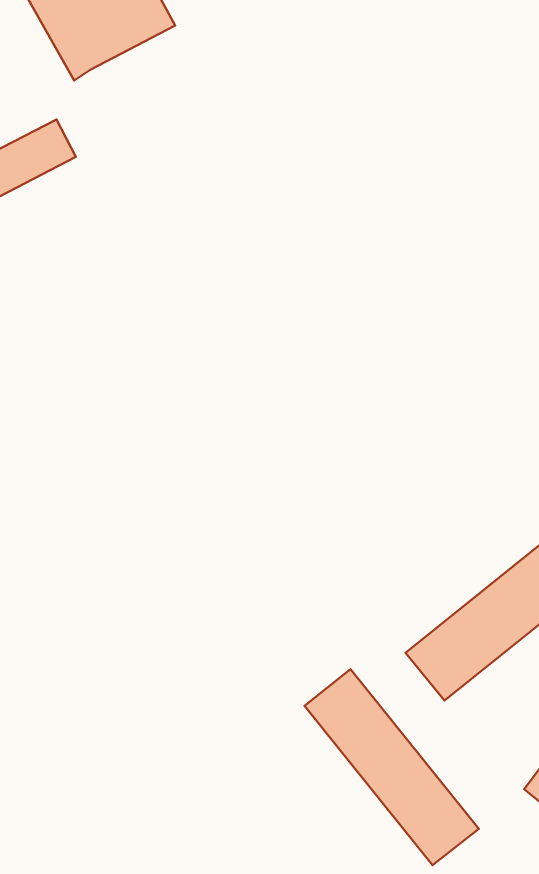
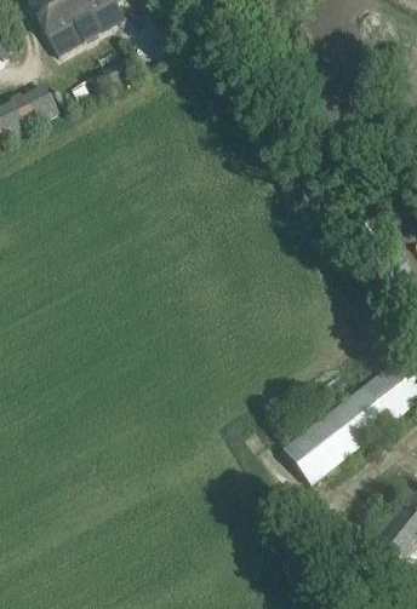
building: [304,669,479,865] -> none

